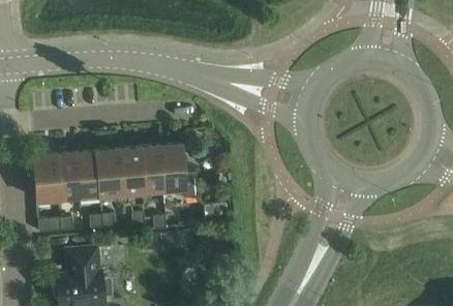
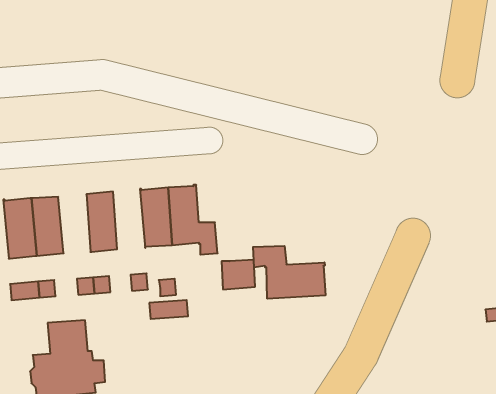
building: [118,147,143,193] -> none
building: [76,151,100,196] -> none
building: none -> [253,246,325,299]

